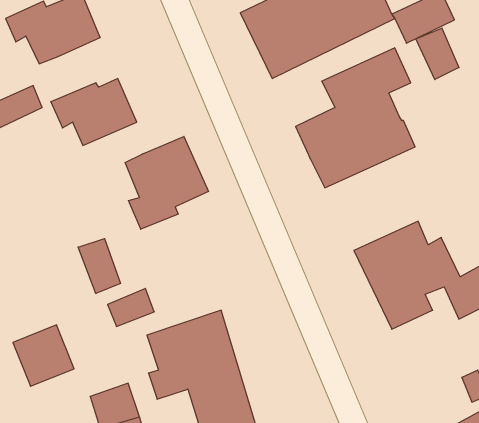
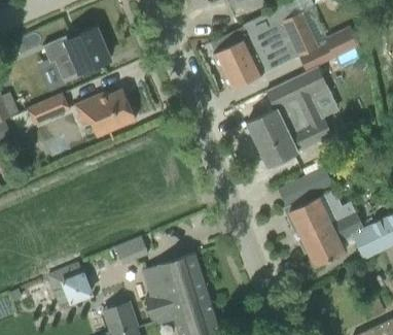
building: [416,28,459,80] -> none
building: [125,136,208,229] -> none
building: none -> [278,167,331,207]
building: [78,239,120,294] -> none

